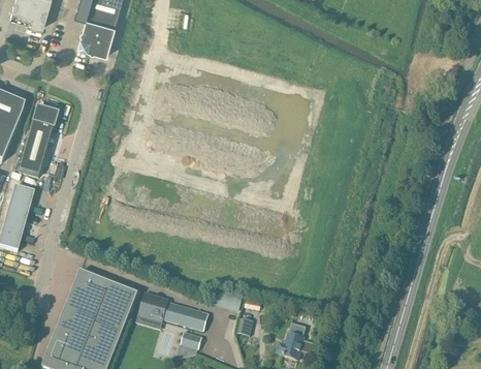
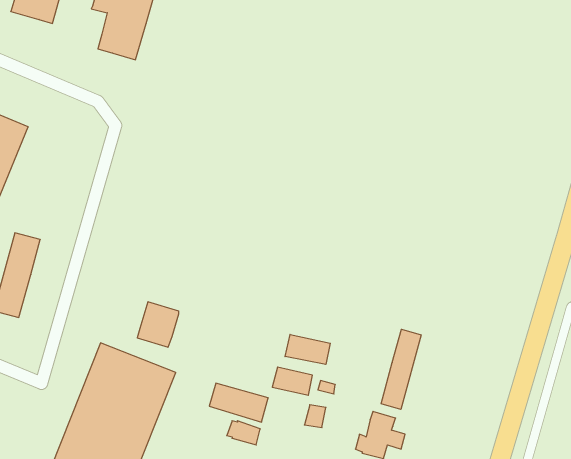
building: [18,107,57,176] -> none
building: none -> [381,329,421,409]
building: none -> [285,334,330,364]
building: [136,291,168,327] -> [137,302,179,347]

